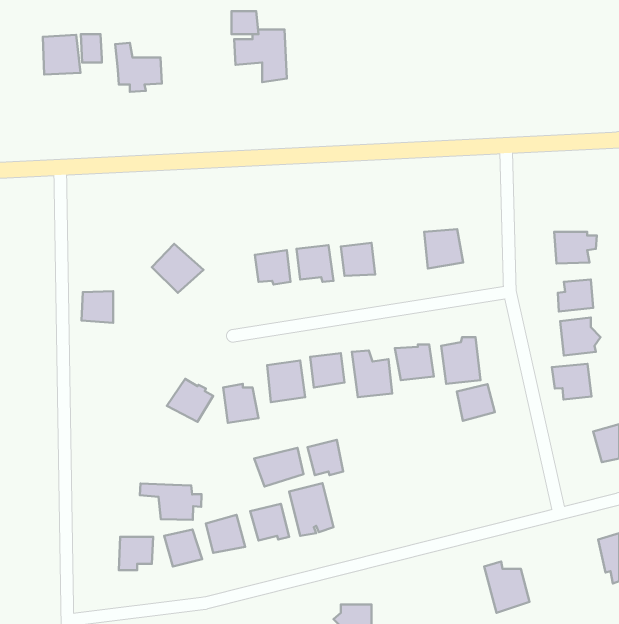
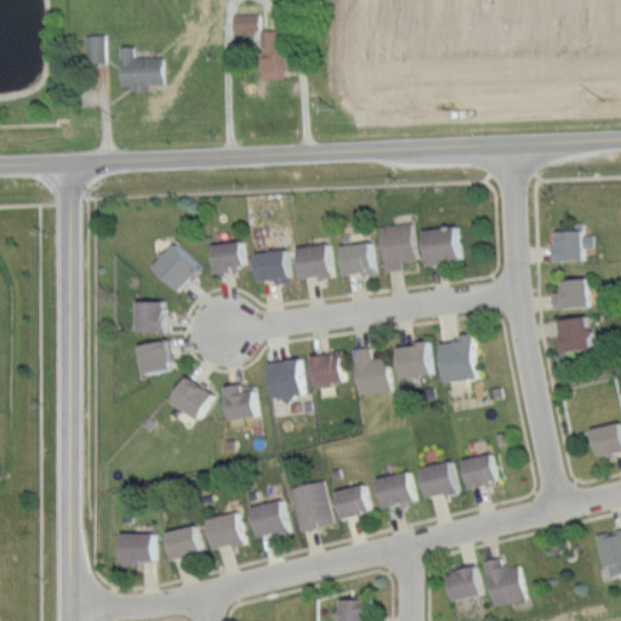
building: [43,35,80,74] -> none
building: none -> [376,222,414,274]
building: none -> [210,241,243,275]
building: [81,291,113,323] -> [132,301,164,332]
building: none -> [135,341,170,376]
building: [552,364,592,400] -> none
building: [457,384,495,421] -> [458,454,496,490]
building: [308,440,343,475] -> [332,485,368,520]
building: [254,448,303,486] -> none
building: none -> [416,461,456,500]
building: none -> [372,472,411,509]
building: [140,483,201,520] -> none
building: none -> [444,565,480,603]

